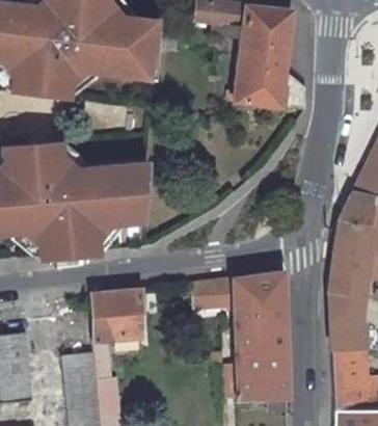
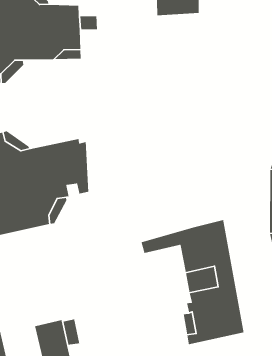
building: [226,43,305,111] -> none
building: [93,288,143,347] -> none

